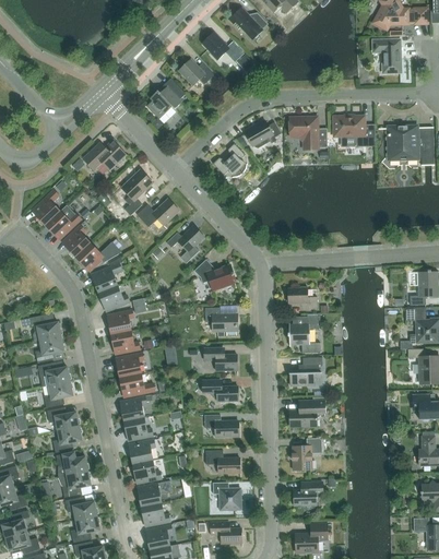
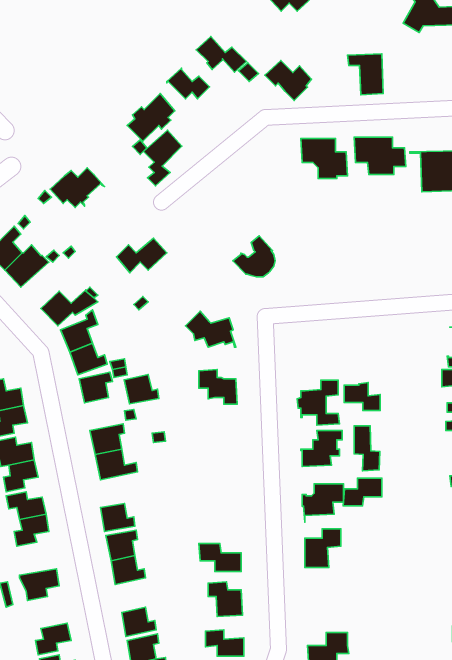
building: [229,8,268,40] -> [265,61,311,100]
building: [372,39,402,73] -> [347,54,383,95]
building: [245,121,282,147] -> none
building: [213,143,248,177] -> [233,236,275,277]
building: [121,169,153,215] -> [143,130,182,186]
building: [62,225,91,257] -> none
building: [167,225,204,263] -> none
building: [288,286,318,309] -> [344,383,380,410]
building: [111,330,140,354] -> [124,375,159,404]
building: [204,347,238,370] -> none
building: none -> [354,426,380,471]
building: [203,379,238,405] -> none
building: [120,394,153,420] -> none
building: none -> [343,478,382,506]
building: [205,414,239,436] -> none
building: [56,452,88,476] -> none
building: [138,480,173,507] -> none
building: [294,481,323,506] -> none
building: [66,497,97,520] -> none

